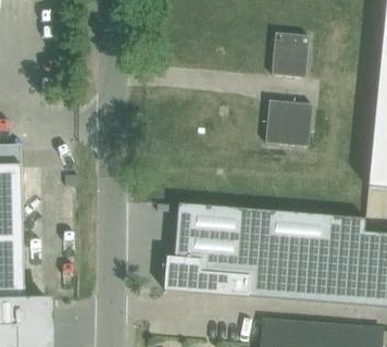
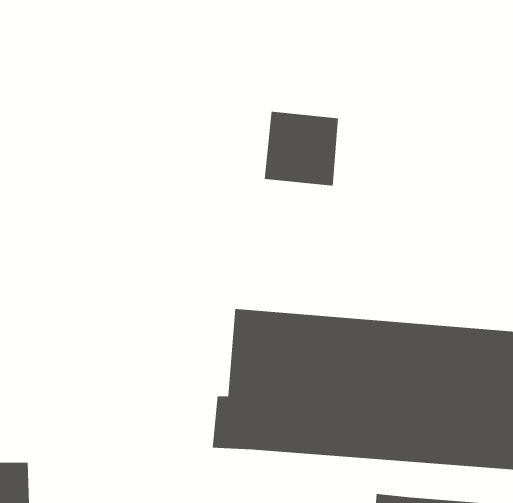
building: [273,30,310,75] -> none
building: [266,98,313,145] -> [264,111,339,186]

